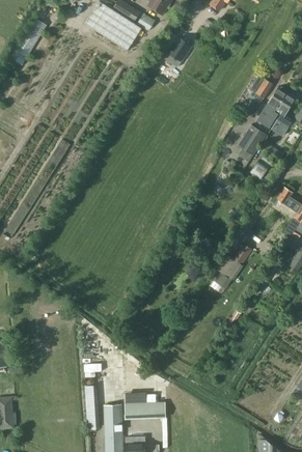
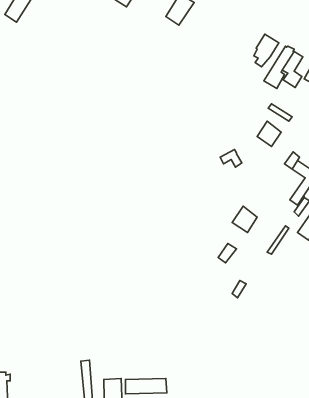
building: [239,125,266,162] -> none

